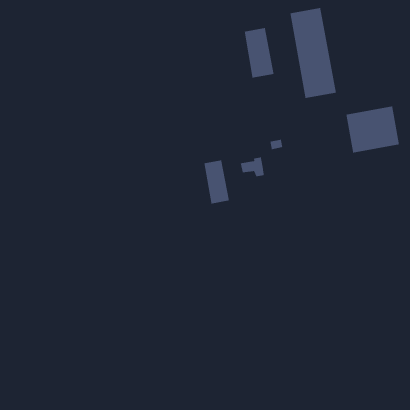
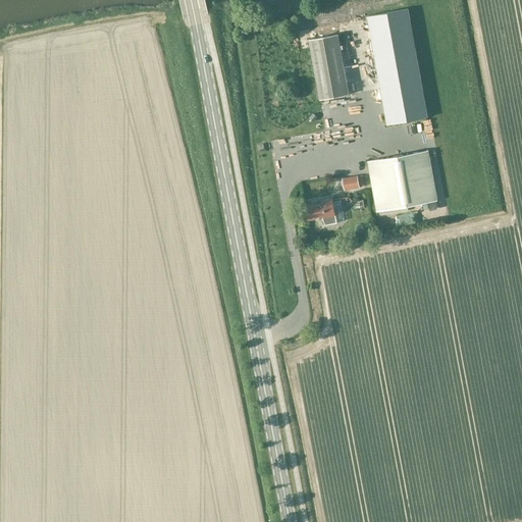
building: [345,105,400,154] -> [368,151,437,212]
building: [203,160,230,204] -> none

